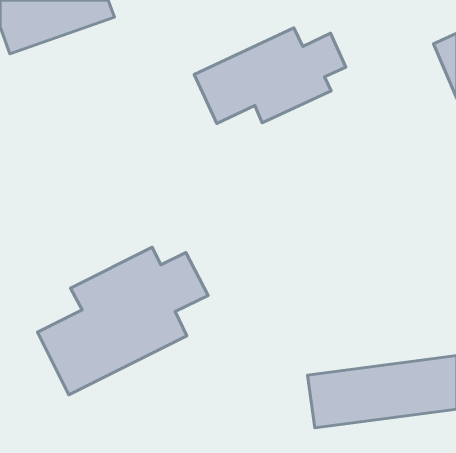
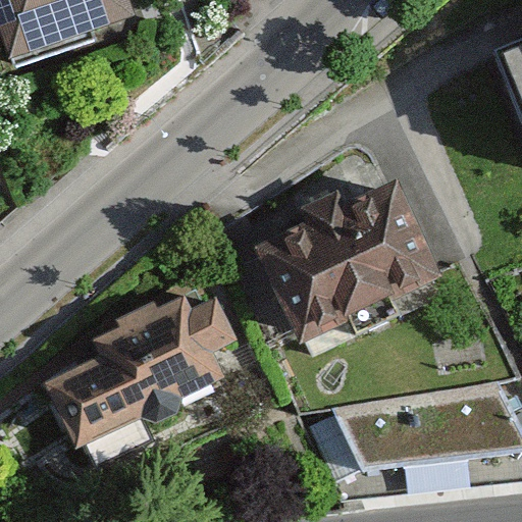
building: [194,28,346,123] -> none
building: none -> [254,169,438,333]

